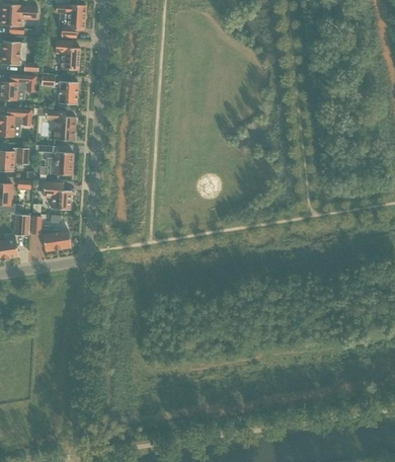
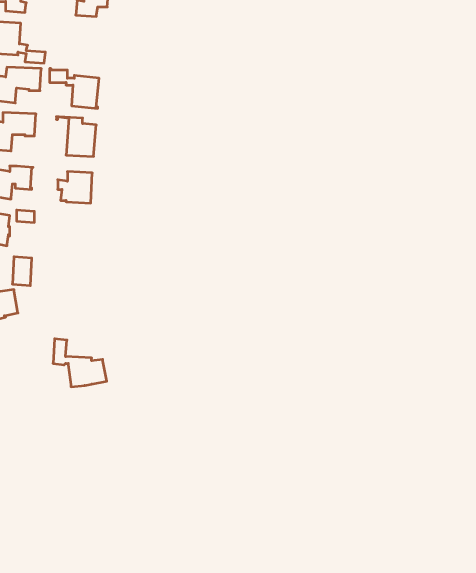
building: [55,41,80,71] -> none
building: [44,182,71,210] -> none
building: [31,216,71,251] -> [53,339,107,387]

